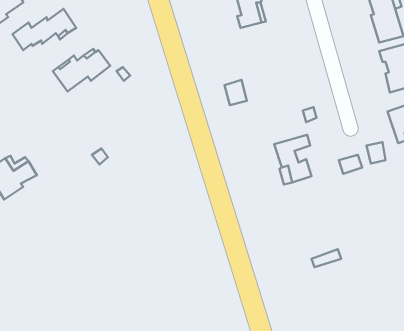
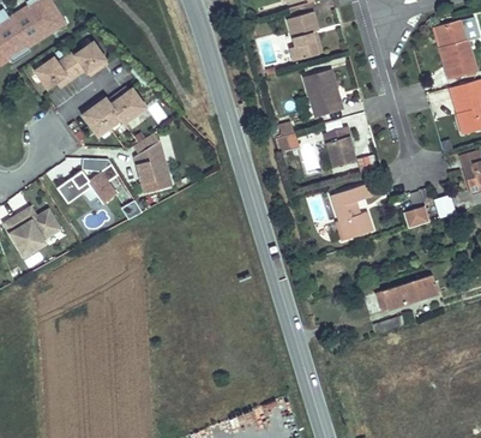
building: none -> [303,72,342,119]
building: none -> [324,127,354,167]
building: none -> [132,131,172,191]
building: none -> [56,162,118,202]
building: none -> [365,274,438,316]

